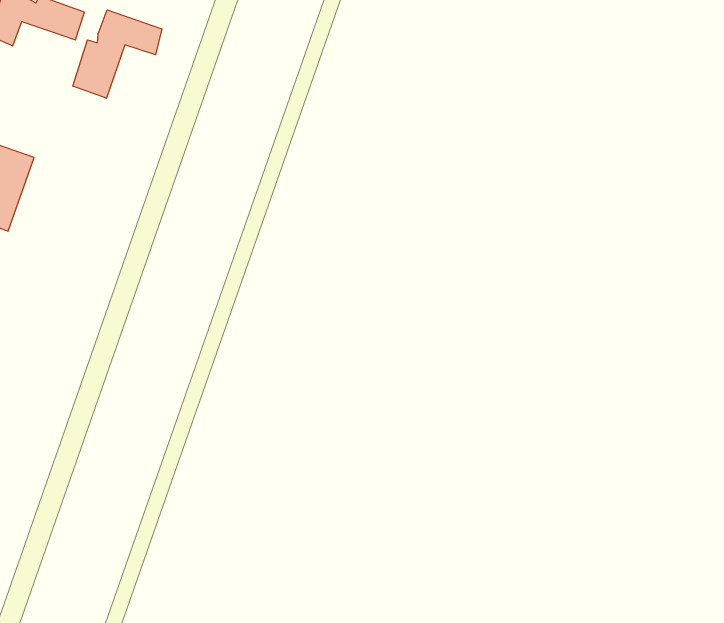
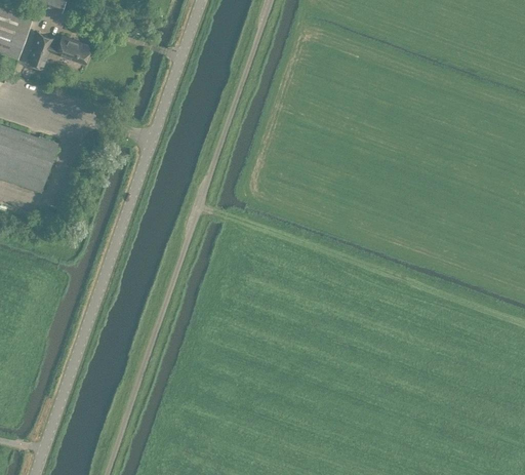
building: [73,10,162,98] -> none

